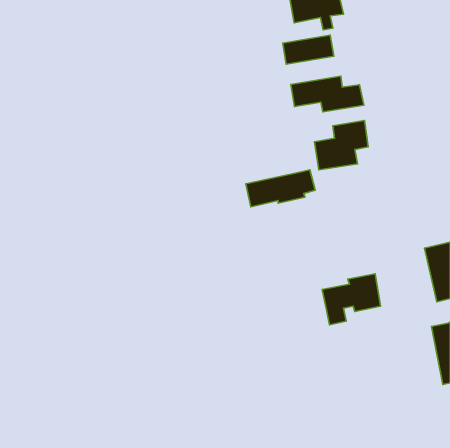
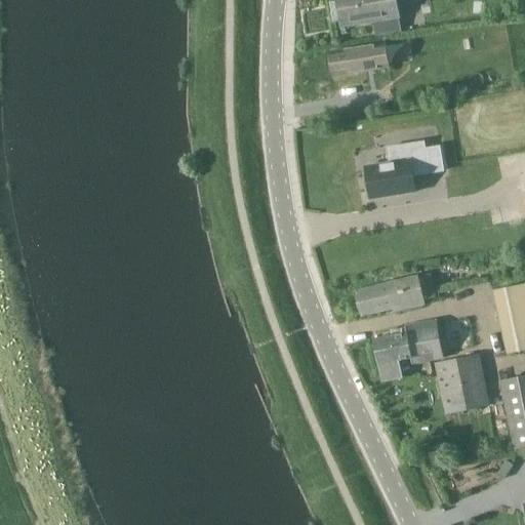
building: [291,76,364,112] -> none
building: [246,170,315,207] -> [357,272,438,315]
building: none -> [437,354,490,411]

